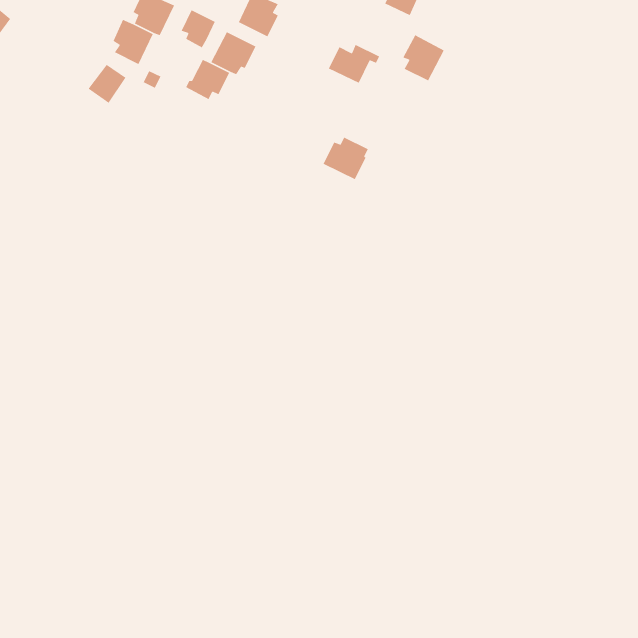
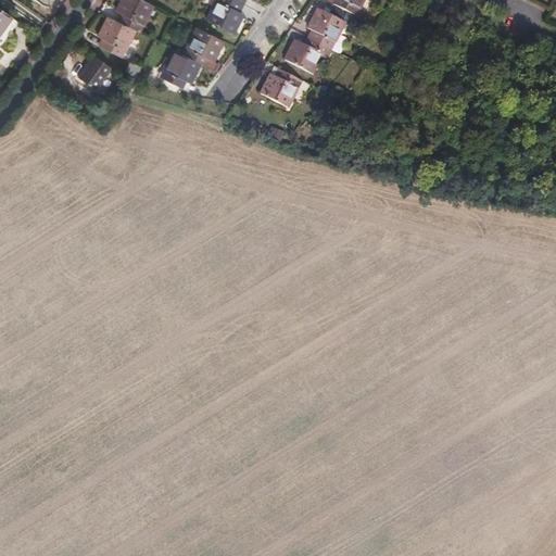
building: [180,9,216,49] -> none
building: [402,34,445,82] -> [307,8,344,49]
building: [323,136,369,180] -> [261,68,301,106]

